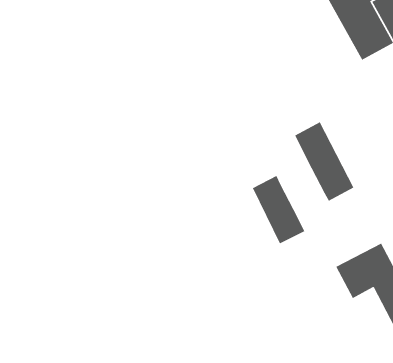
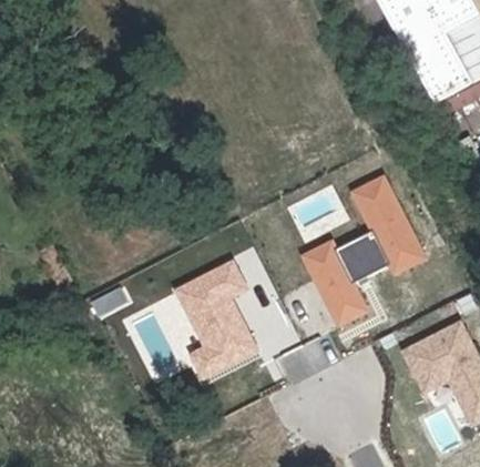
building: none -> [338,233,389,282]
building: none -> [173,261,262,383]

